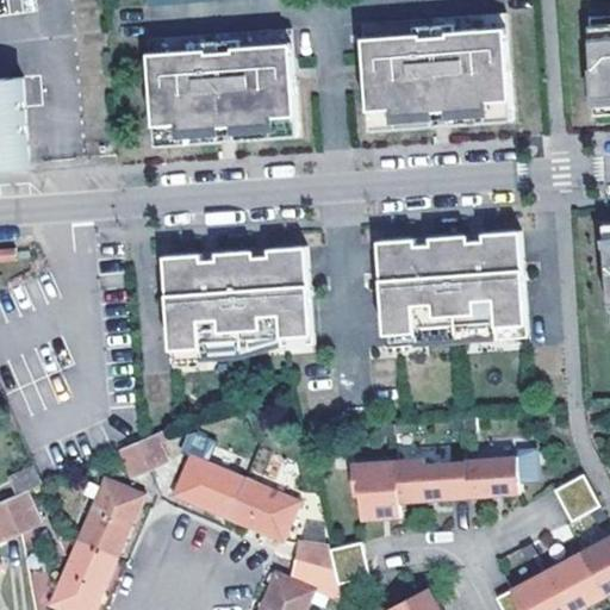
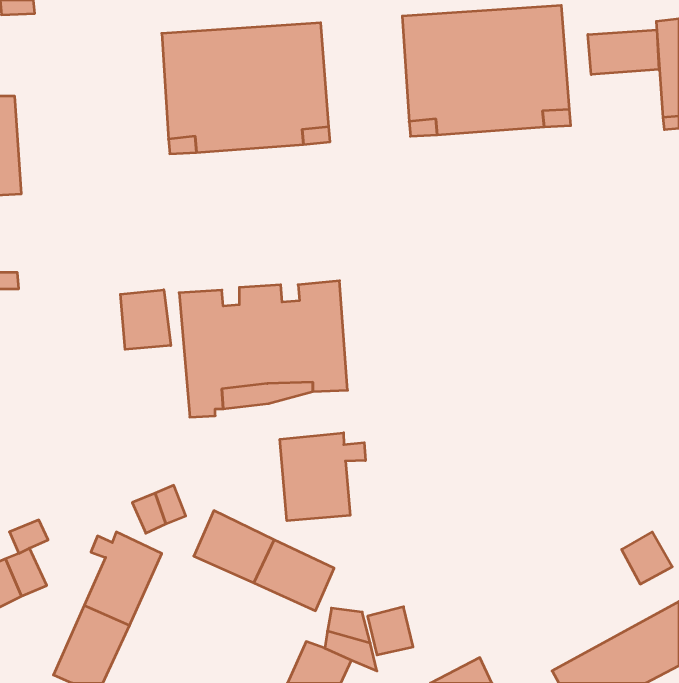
building: none -> [588,30,659,75]
building: [374,235,525,356] -> none
building: none -> [120,290,171,349]
building: none -> [280,433,365,521]
building: [350,456,518,519] -> none

